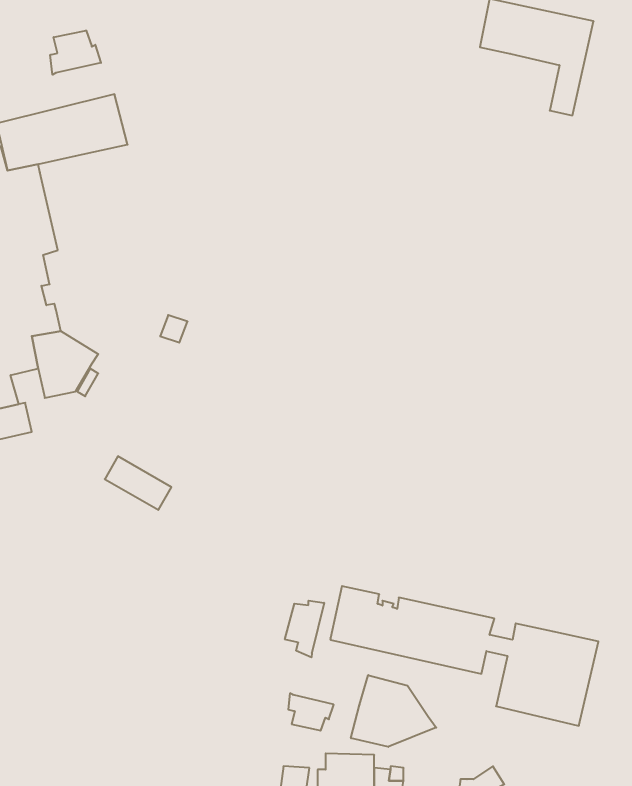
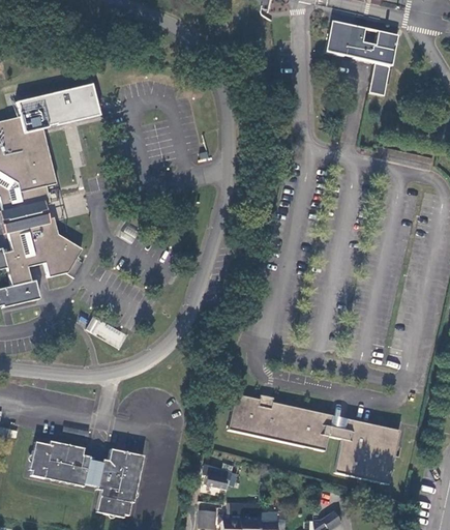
building: [50,30,101,75] -> none
building: [285,601,324,657] -> none
building: none -> [30,441,143,514]
building: [351,675,436,747] -> none

